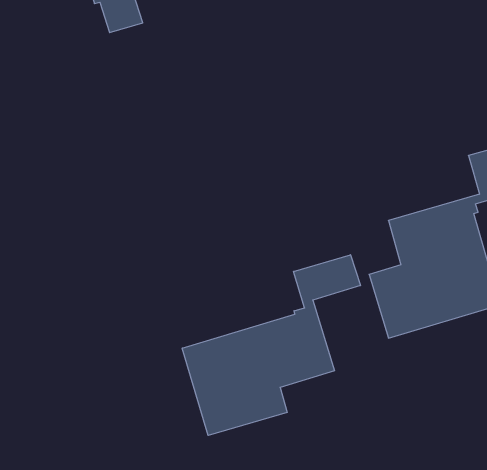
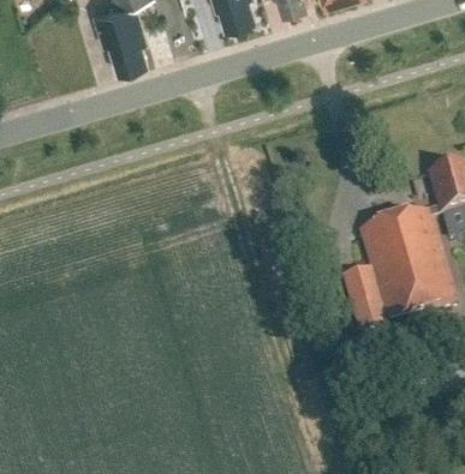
building: [182,255,360,435] -> none

